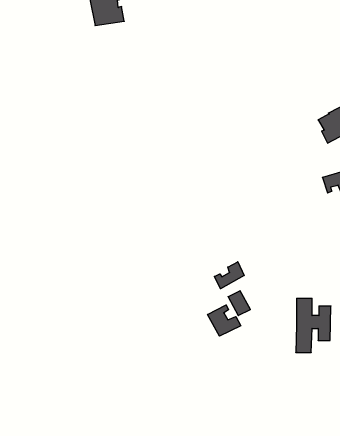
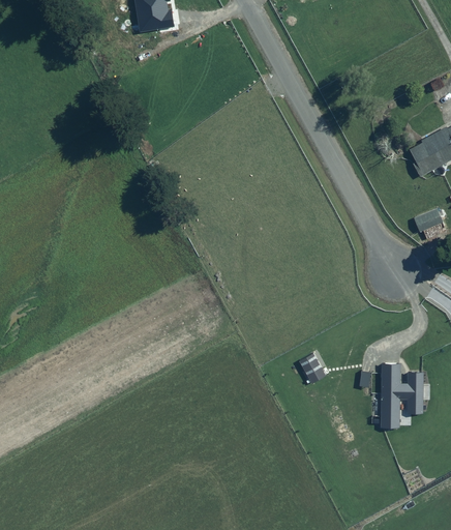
building: [214,262,244,289] -> none
building: [208,305,241,336] -> none

